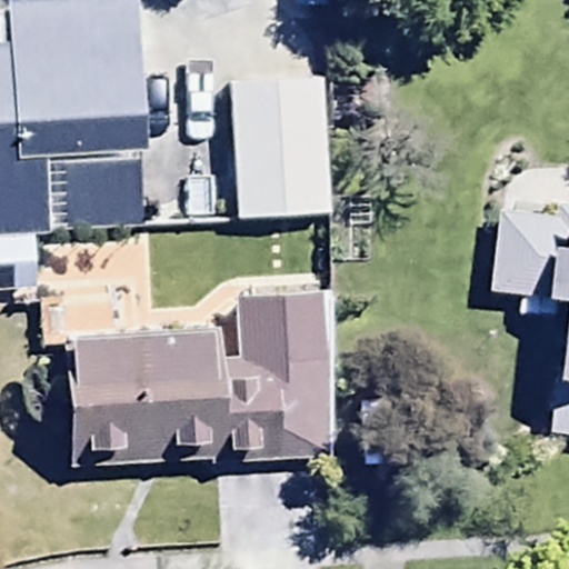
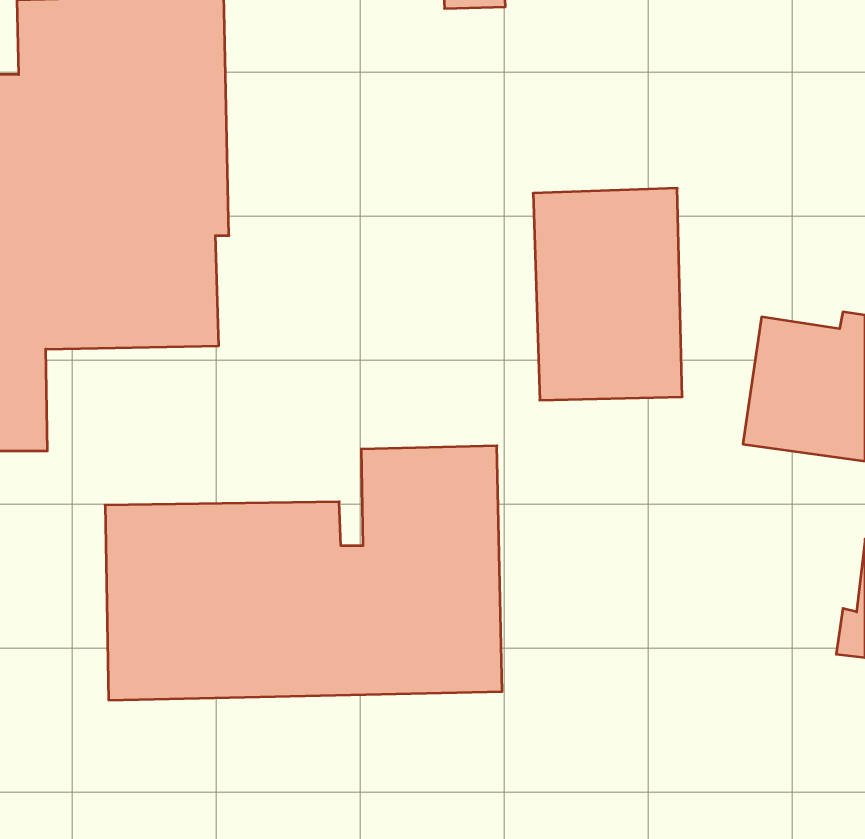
building: [231,77,329,216] -> [533,188,682,400]

